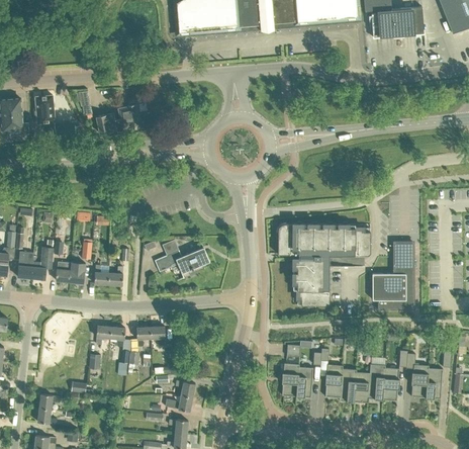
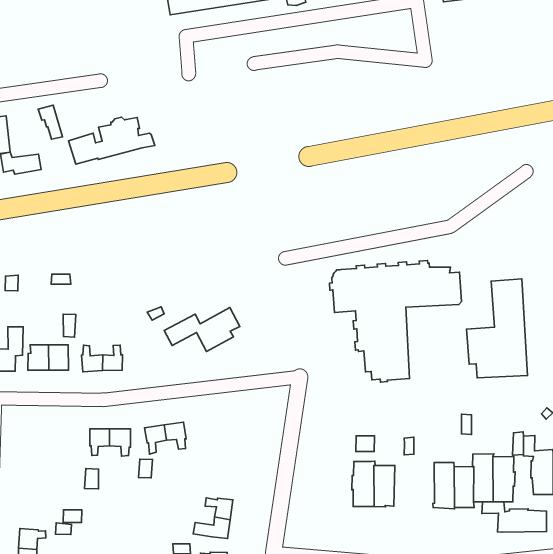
building: [324,364,343,397] -> none
building: none -> [482,502,547,532]

